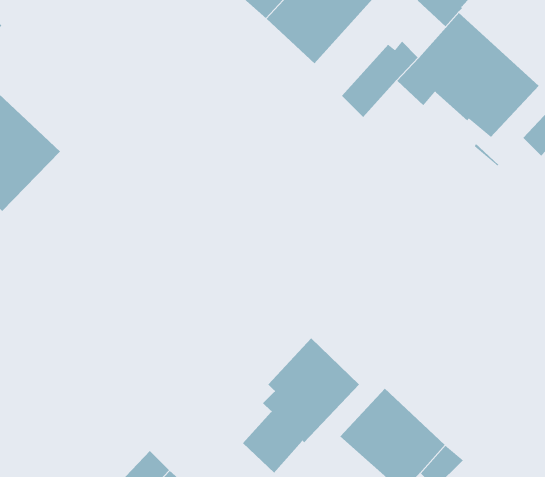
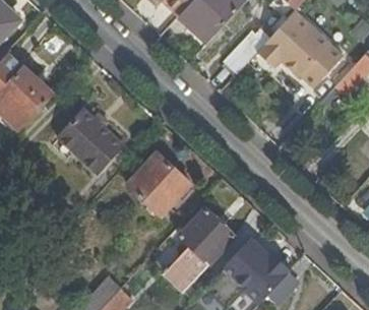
building: none -> [60,110,123,172]
building: none -> [129,152,191,213]

